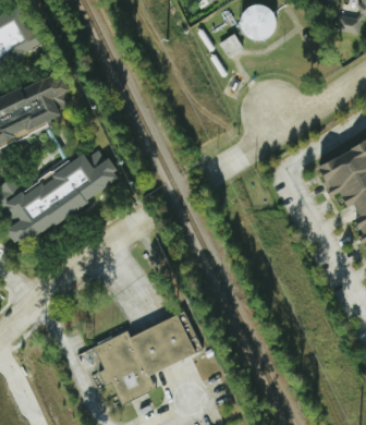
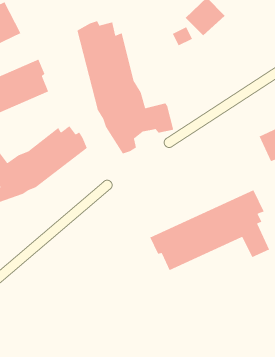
building: none -> [76,20,174,155]
building: none -> [149,189,270,271]
building: [90,309,202,404] -> none

